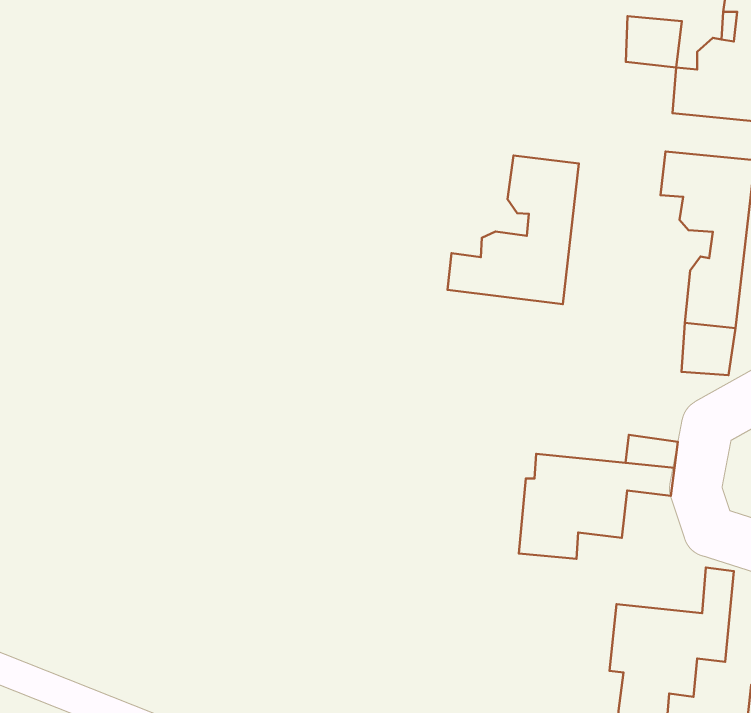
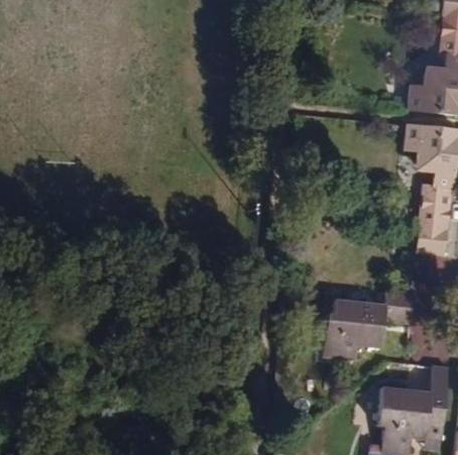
building: [626,16,682,68] -> none
building: [448,155,579,304] -> none

